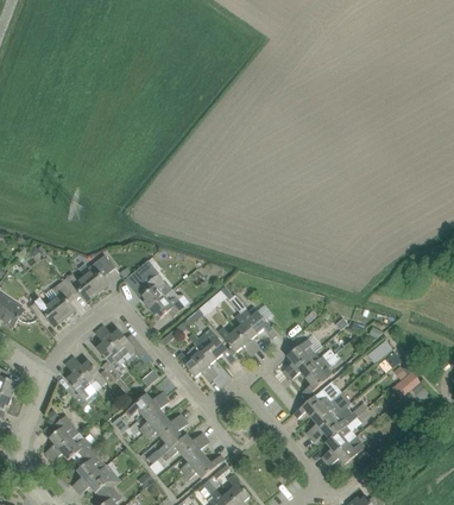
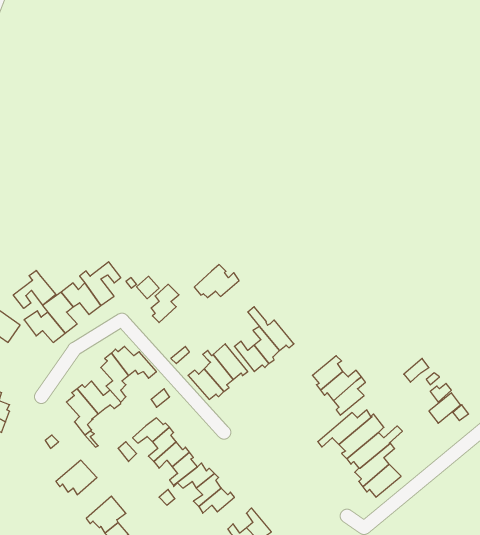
building: none -> [13,270,56,308]
building: [149,288,189,317] -> [194,265,239,298]
building: [49,415,78,450] -> none
building: [75,447,106,484] -> none

